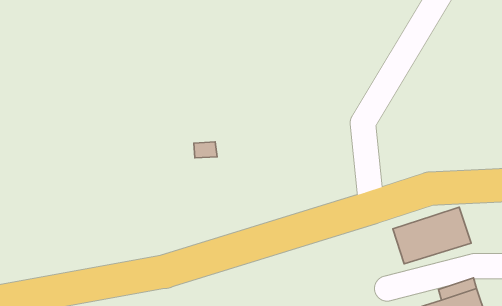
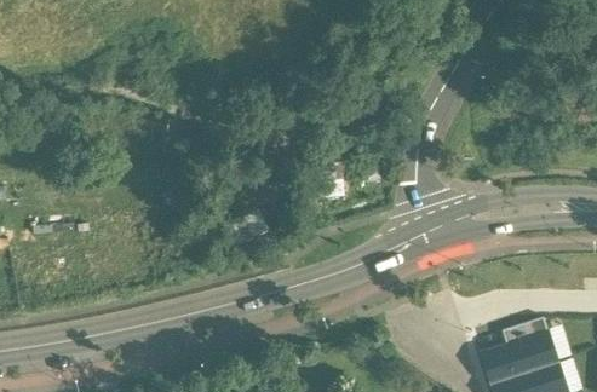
building: [393,207,471,264] -> none

